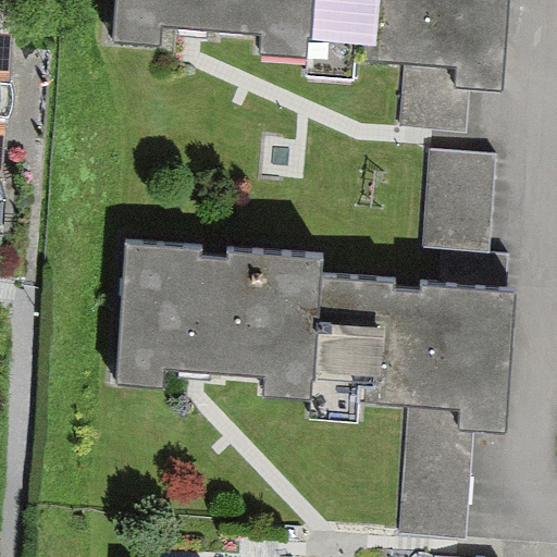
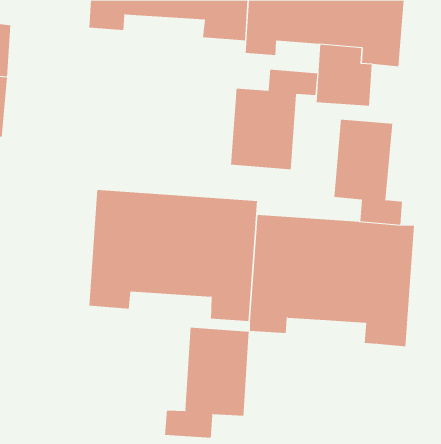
building: none -> [230,69,318,170]
building: [399,401,472,535] -> none
building: none -> [165,327,249,439]

